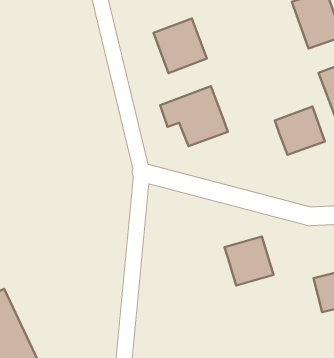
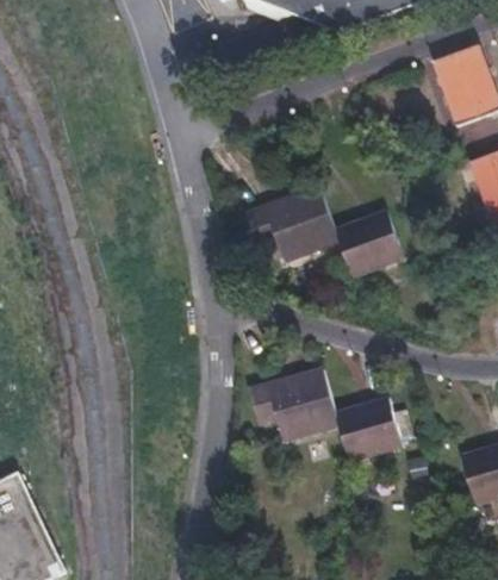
building: [154,18,207,73] -> none
building: [275,106,325,155] -> [331,206,403,275]
building: none -> [247,364,338,443]

